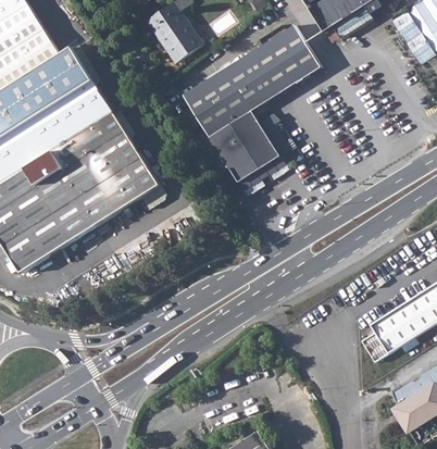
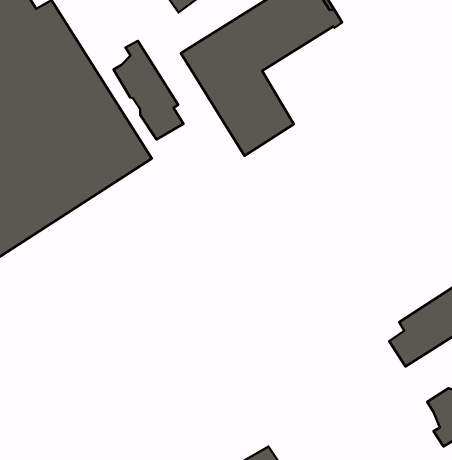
building: none -> [113,41,183,140]

